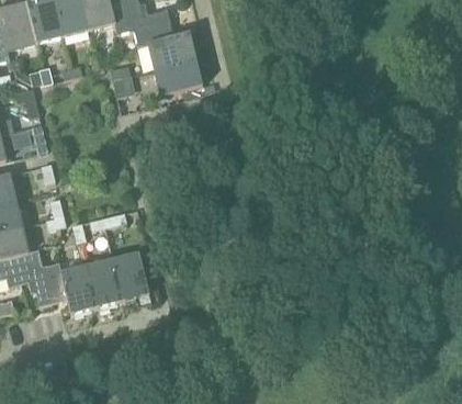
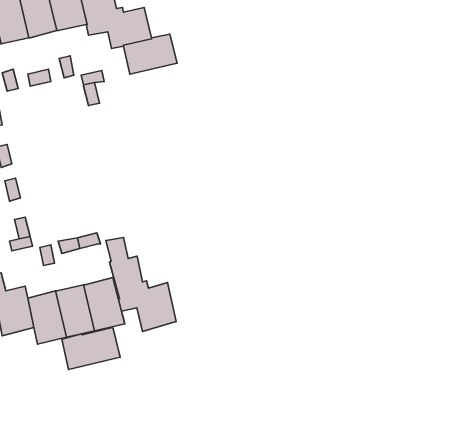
building: [154,58,202,94] -> none
building: none -> [106,237,176,332]
building: none -> [62,327,120,369]

